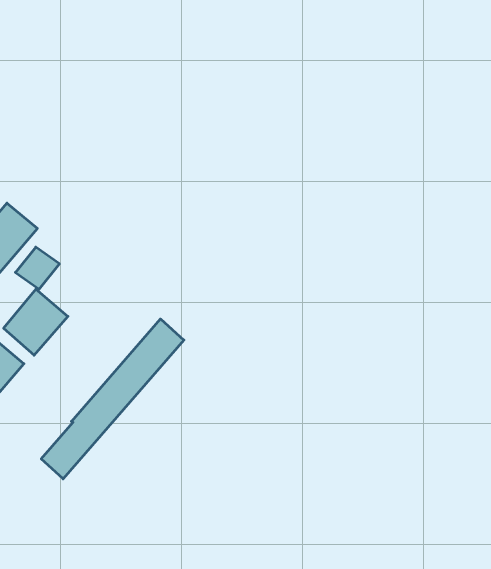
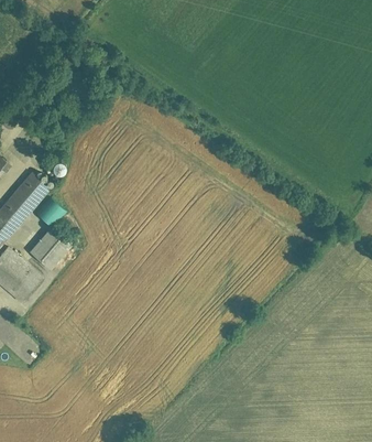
building: [41,319,184,479] -> none

